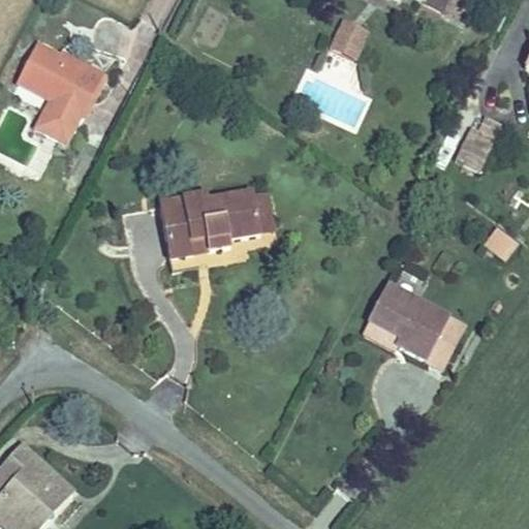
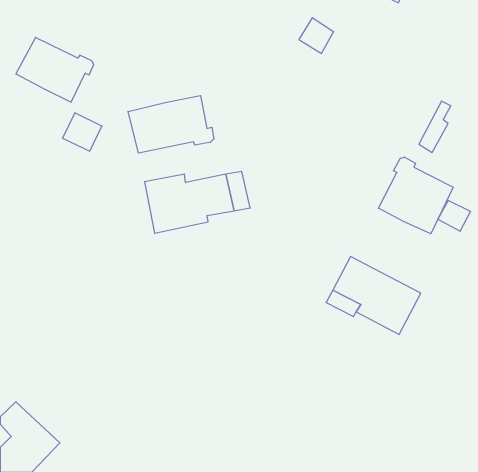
building: [36,98,80,141] -> [63,113,102,151]
building: none -> [128,96,214,153]
building: none -> [378,157,453,234]

